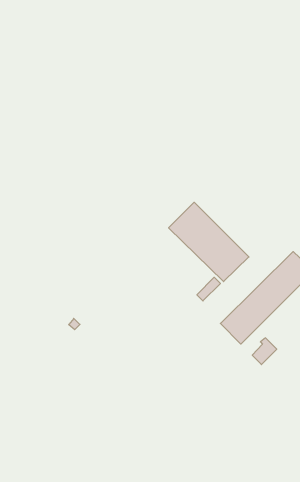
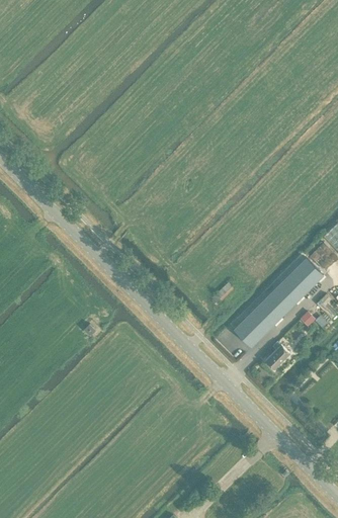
building: [169,202,249,282] -> none

